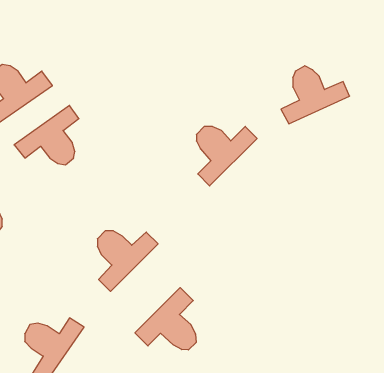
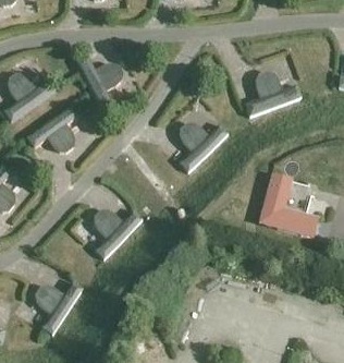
building: none -> [75,55,123,110]
building: none -> [259,174,307,235]
building: [135,288,196,350] -> none

